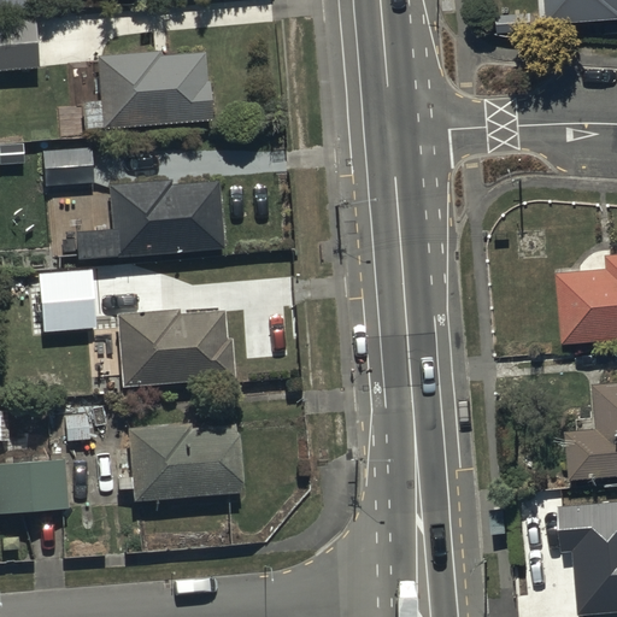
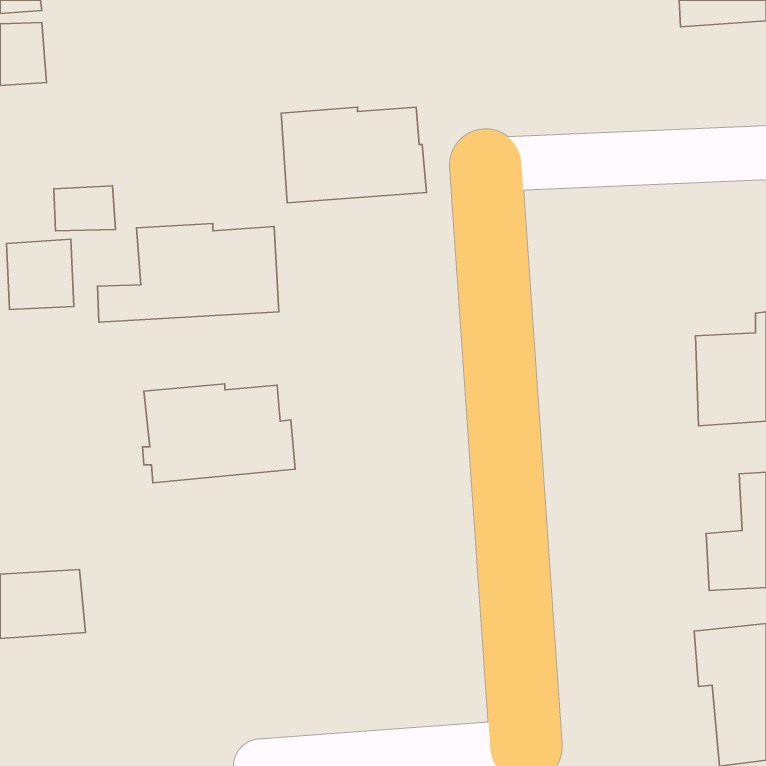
building: [98,52,215,129] -> [281,107,427,203]
building: [40,271,94,328] -> [6,239,74,309]
building: [114,423,245,501] -> none

